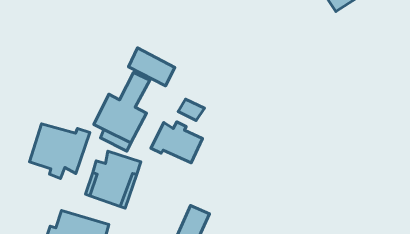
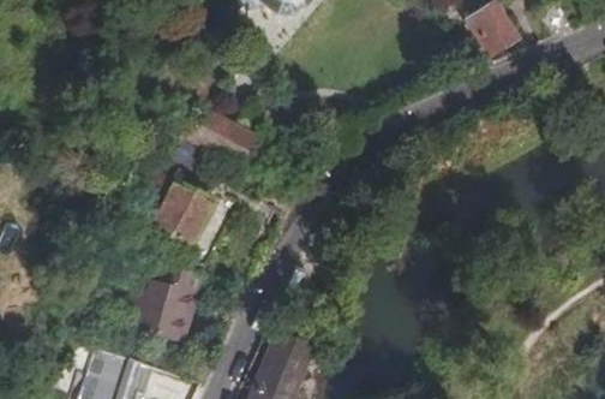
building: [151,122,203,163] -> none
building: [29,124,90,179] -> none

